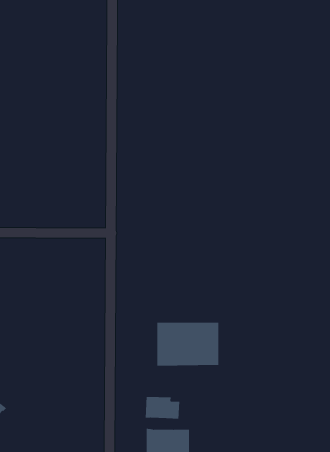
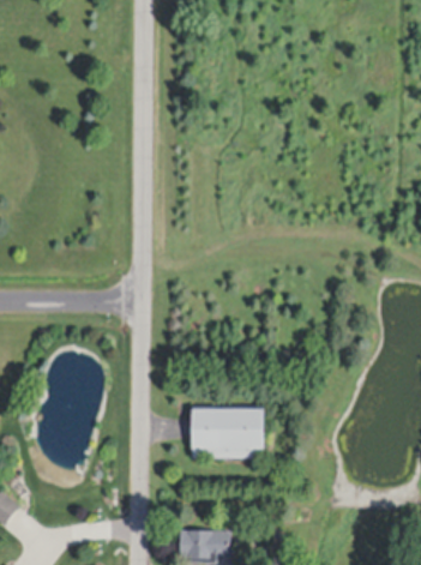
building: [145,396,180,419] -> none

